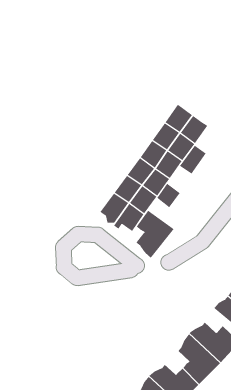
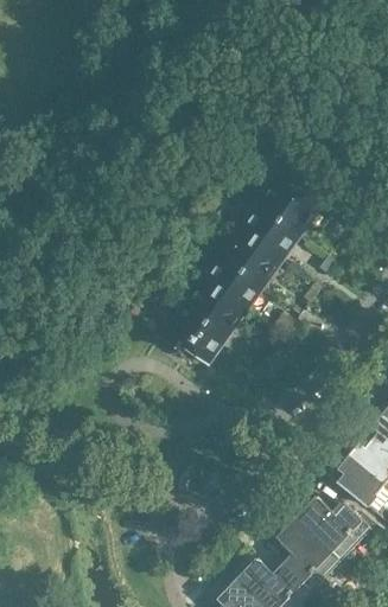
building: [179,145,207,174] -> none
building: [156,183,181,208] -> none
building: [136,210,174,259] -> none

